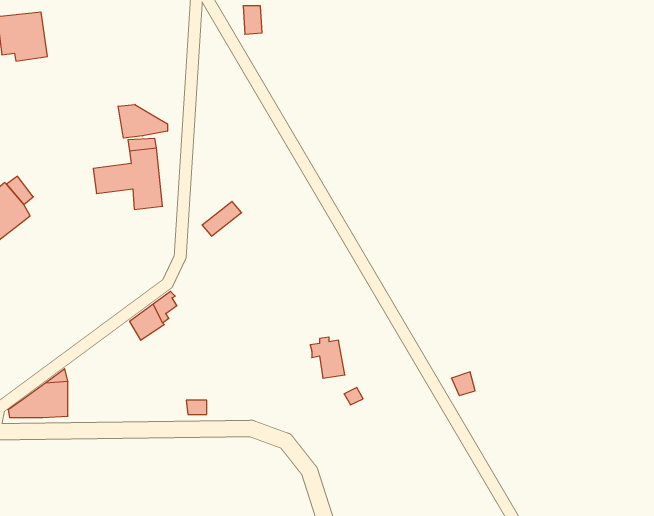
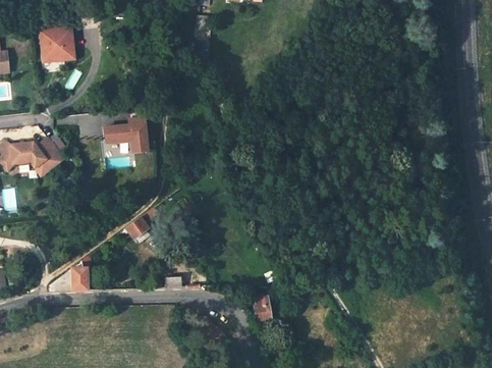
building: [118,104,167,138] -> none
building: [310,337,345,378] -> [249,294,271,320]

